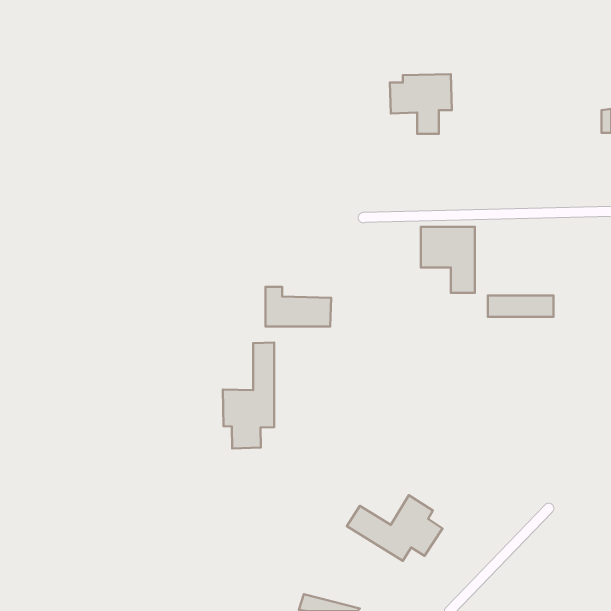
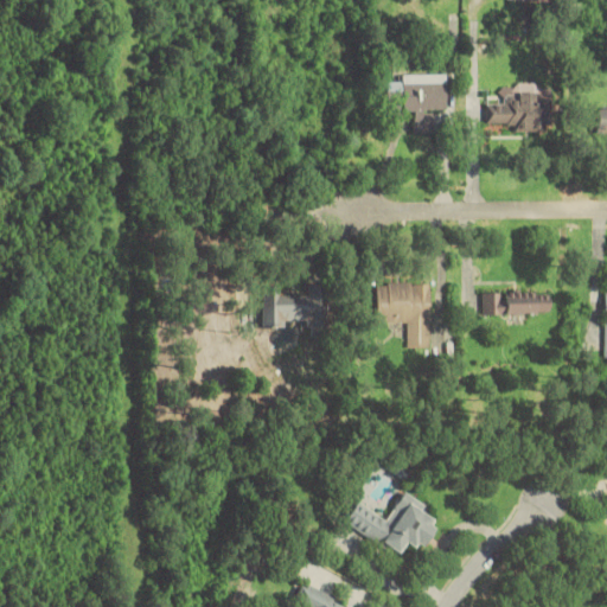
building: none -> [487,85,550,129]
building: [421,227,475,293] -> [377,282,430,347]
building: [223,343,274,449] -> none

